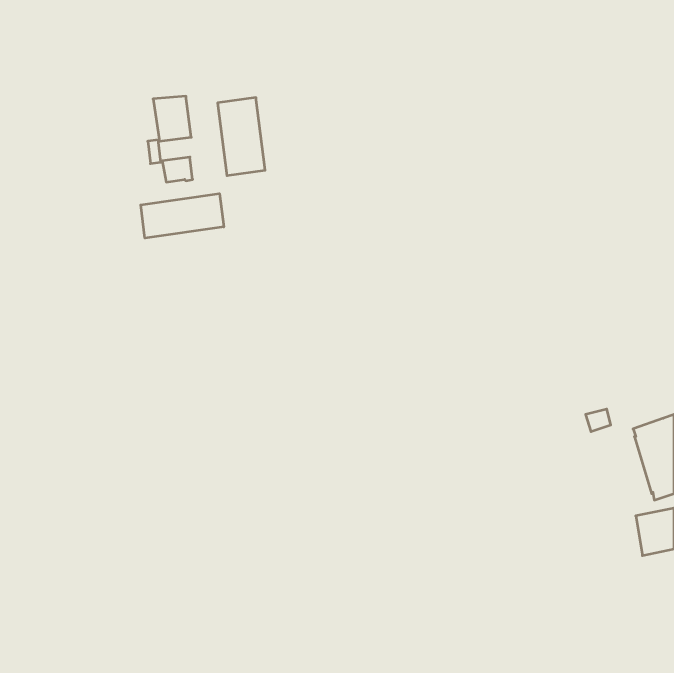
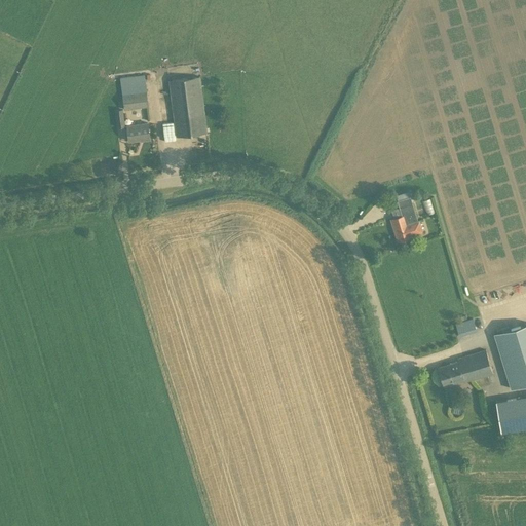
building: [141,194,224,238] -> none
building: none -> [391,198,422,242]
building: none -> [438,351,492,387]

